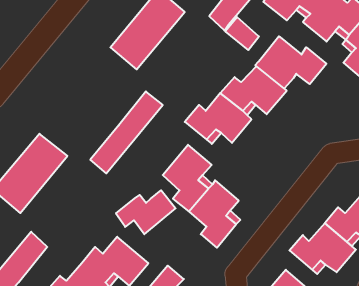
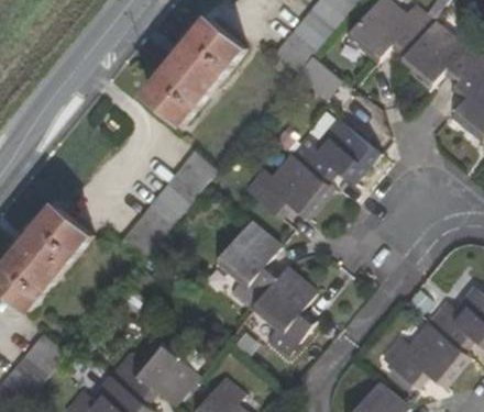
building: [255,36,326,89] -> none
building: [116,190,176,234] -> none

